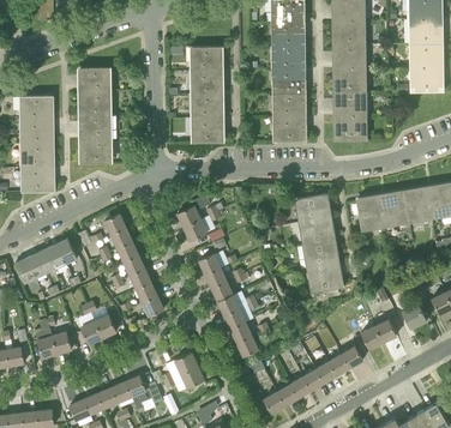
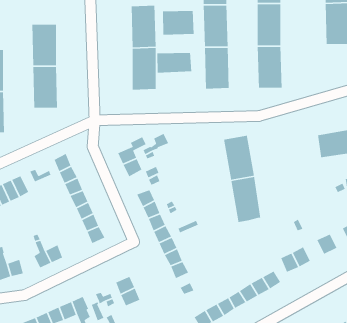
building: none -> [162,10,194,35]
building: none -> [156,52,192,74]
building: [356,193,408,228] -> none

